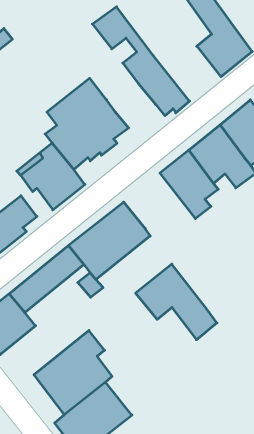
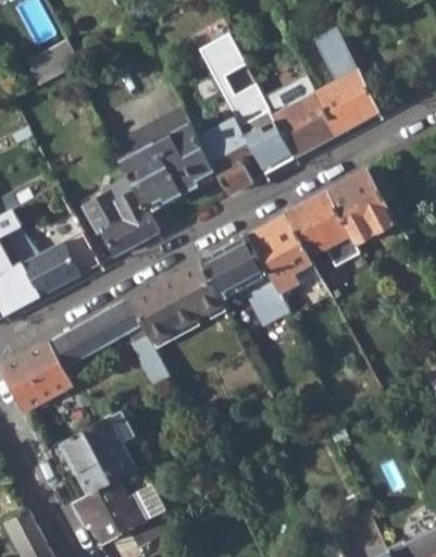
building: none -> [263,76,337,158]
building: none -> [200,123,256,195]
building: [136,264,217,340] -> [199,235,287,327]

